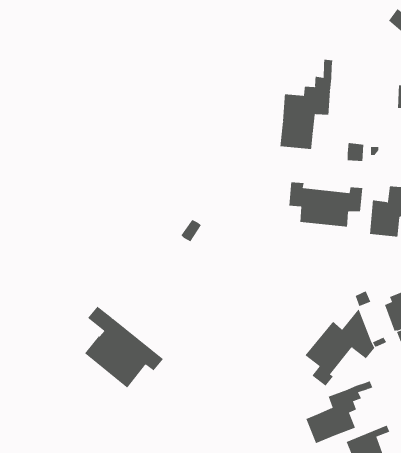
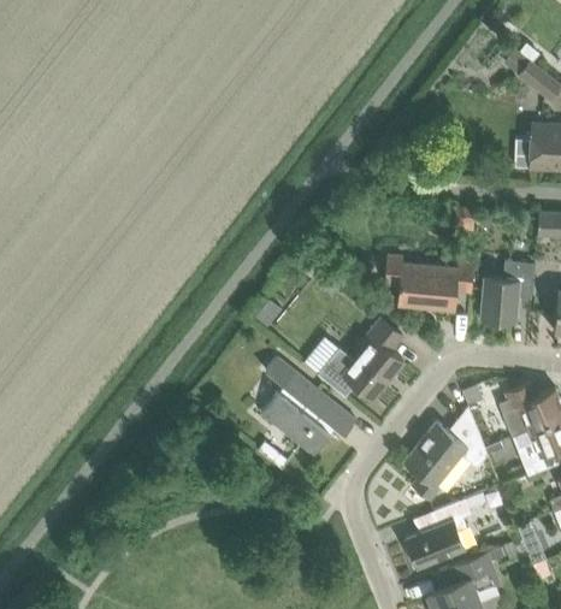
building: [280,59,333,150] -> none
building: none -> [318,319,403,401]
building: [84,306,164,388] -> [261,357,356,456]

